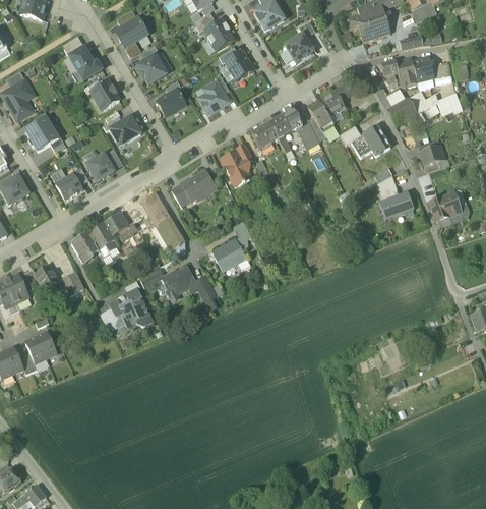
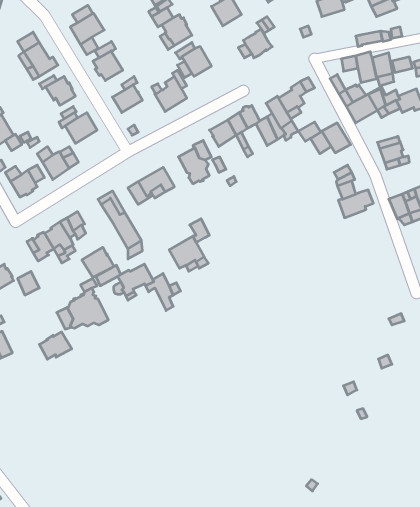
building: [348,13,389,40] -> none
building: none -> [82,247,114,277]
building: none -> [39,332,72,359]

